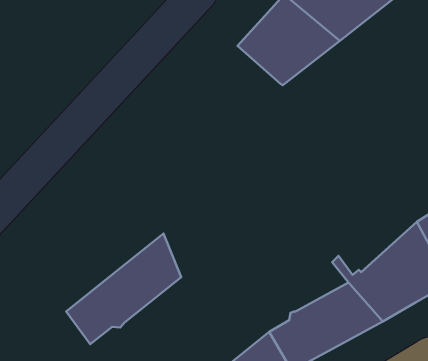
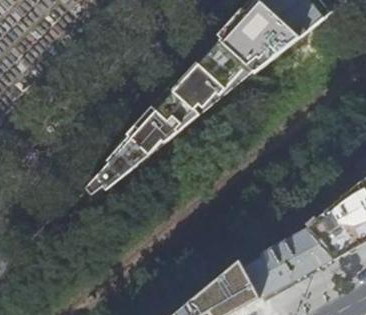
building: none -> [88,44,246,193]
building: [66,233,181,344] -> none

